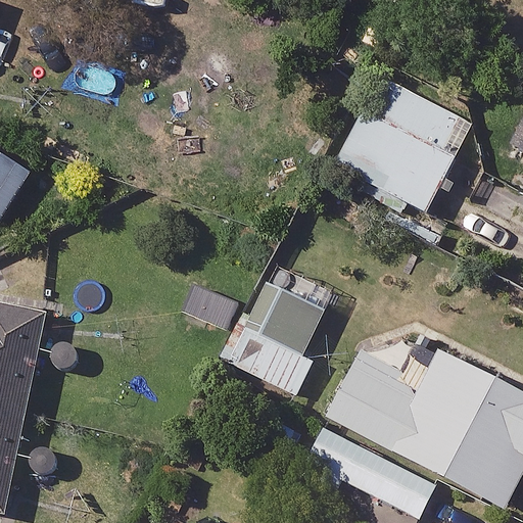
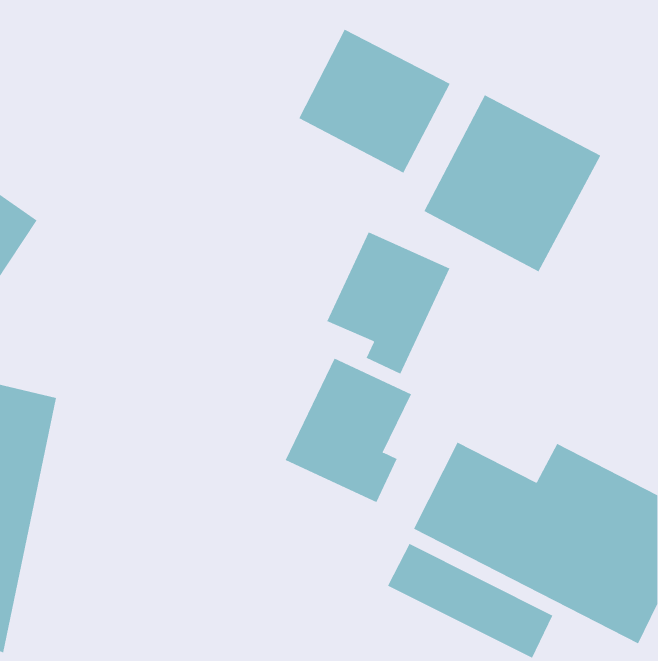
building: none -> [298,29,451,173]
building: none -> [327,232,450,374]

